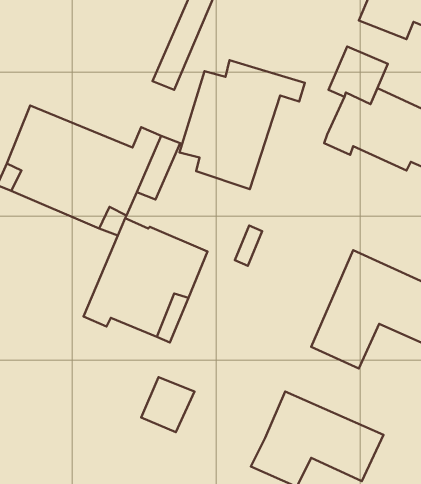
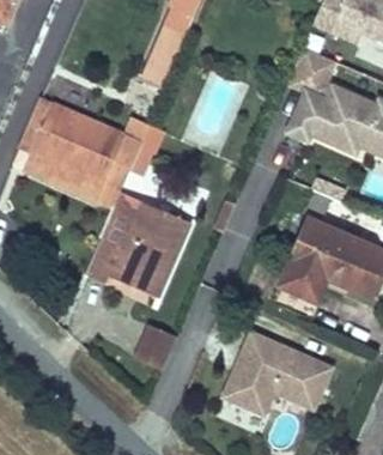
building: [179,60,305,189] -> none

